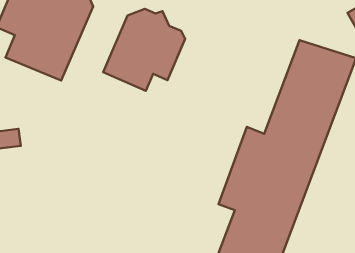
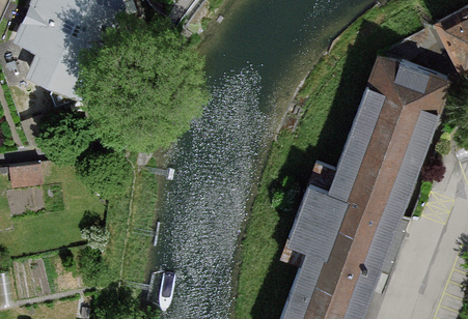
building: [103,9,185,91] -> none

